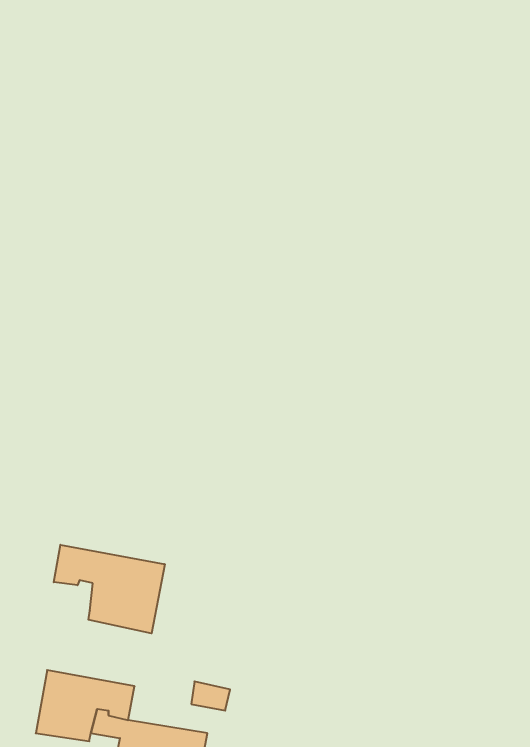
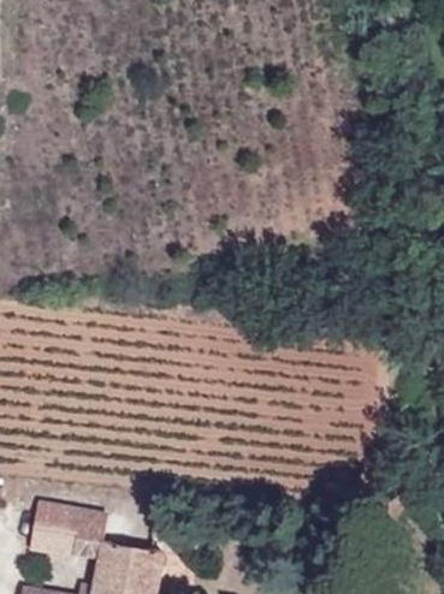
building: [54,545,165,633] -> none

